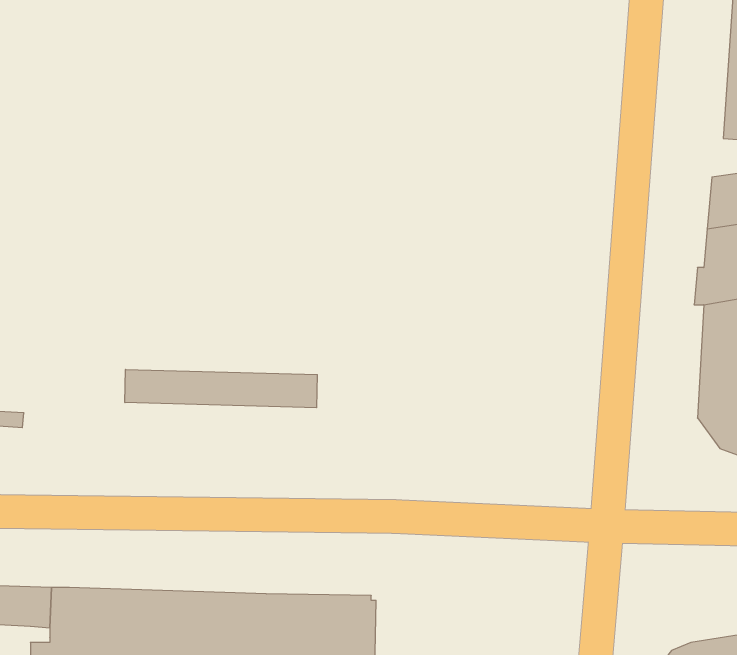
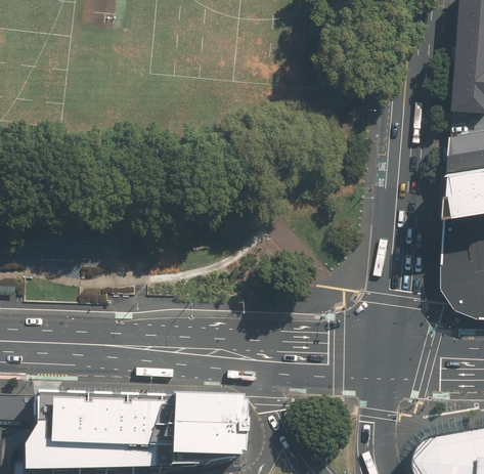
building: [125,369,317,408] -> none

